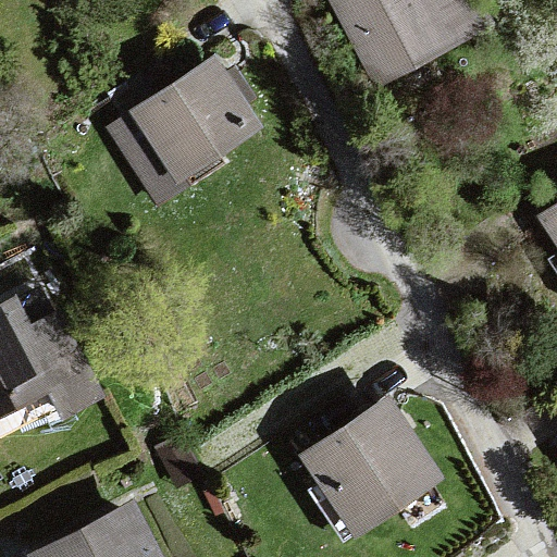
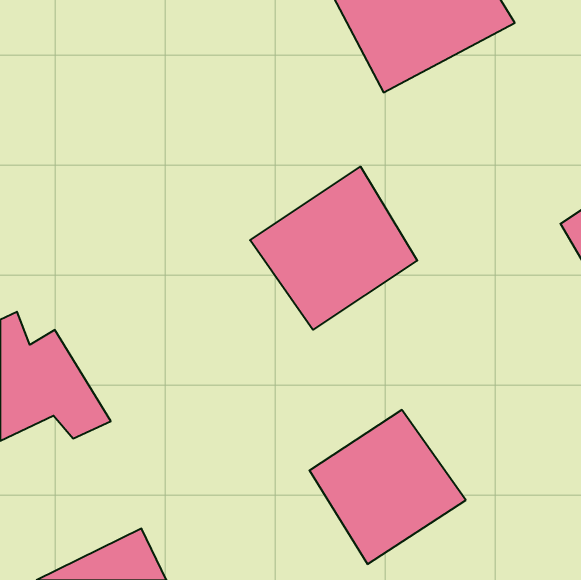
building: [101,60,259,202] -> none
building: none -> [250,167,417,330]

